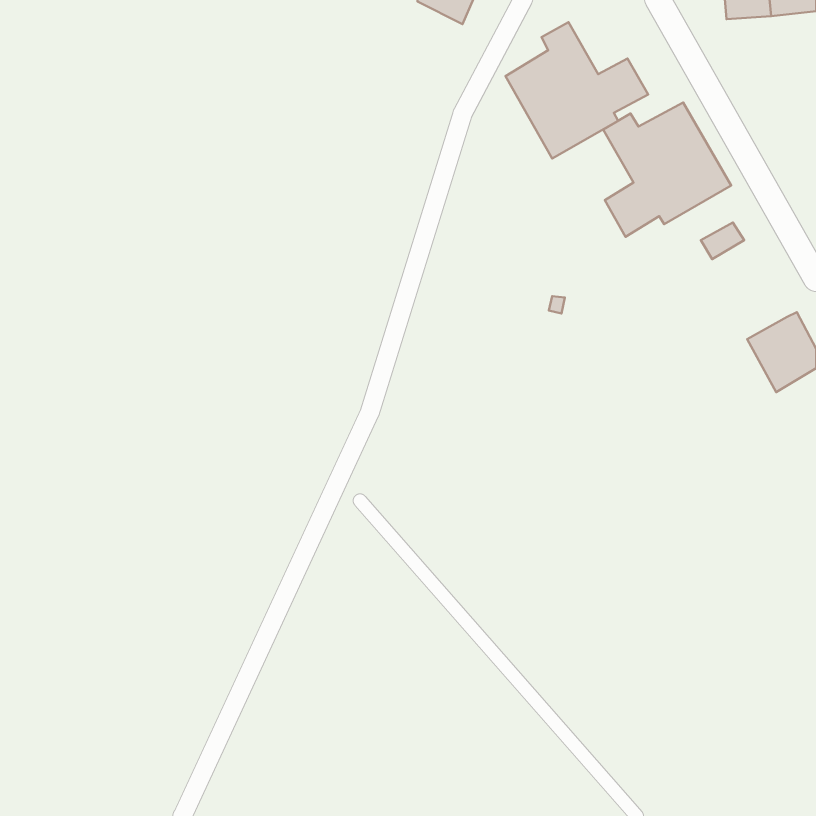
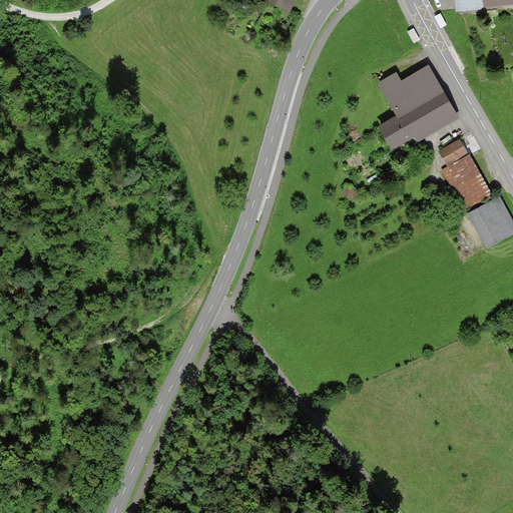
building: [506,22,648,158] -> none
building: none -> [443,153,493,212]

